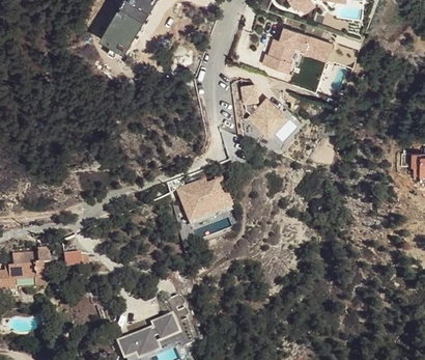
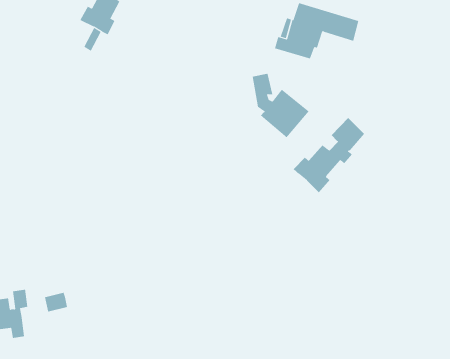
building: none -> [293,117,365,193]
building: [166,177,228,222] -> none

